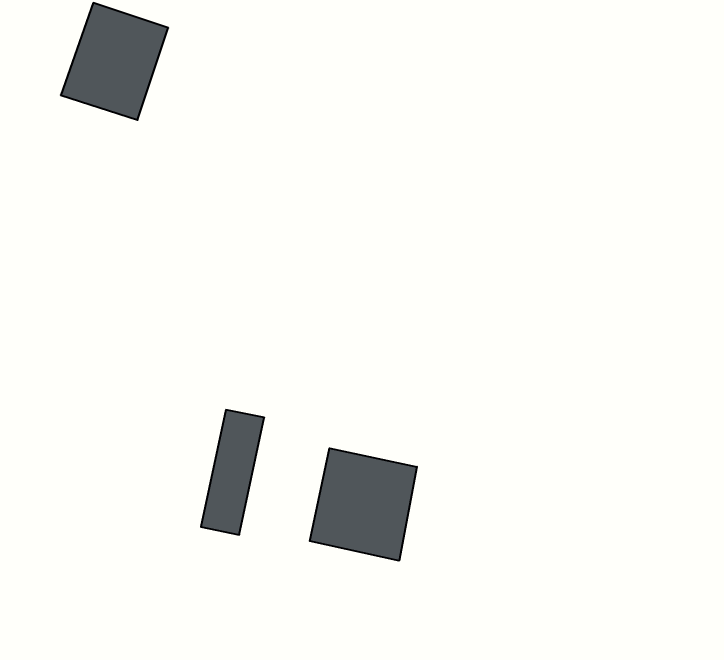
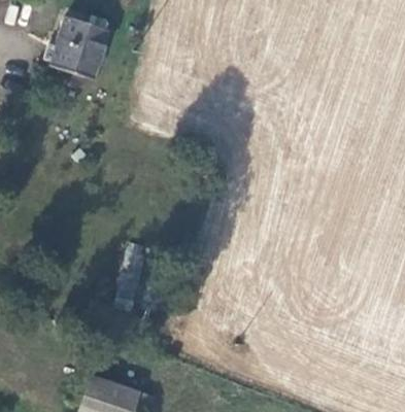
building: [310,448,417,561] -> none

